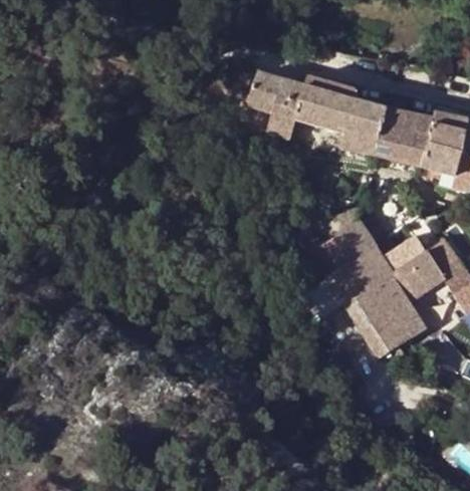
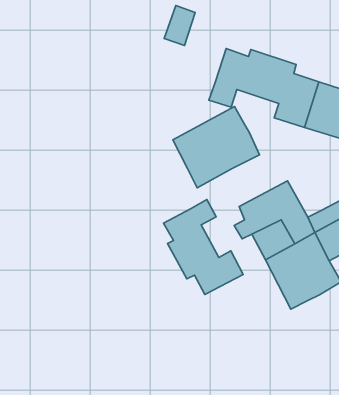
building: [248,70,280,113] -> [164,5,195,45]
building: none -> [173,106,260,188]
building: none -> [164,199,243,295]

